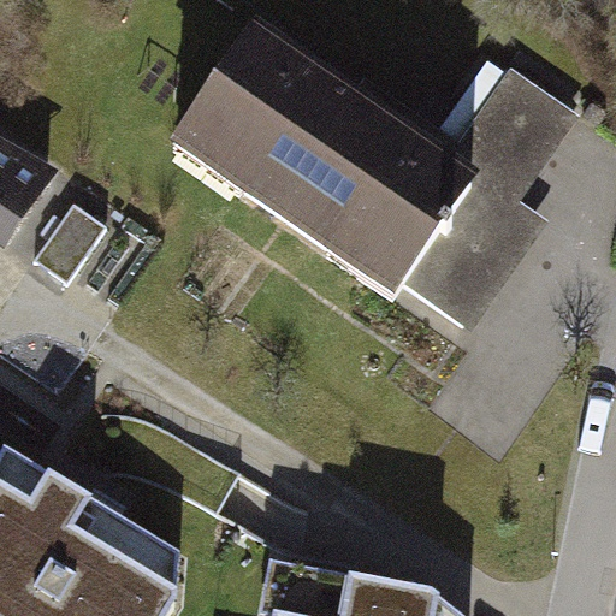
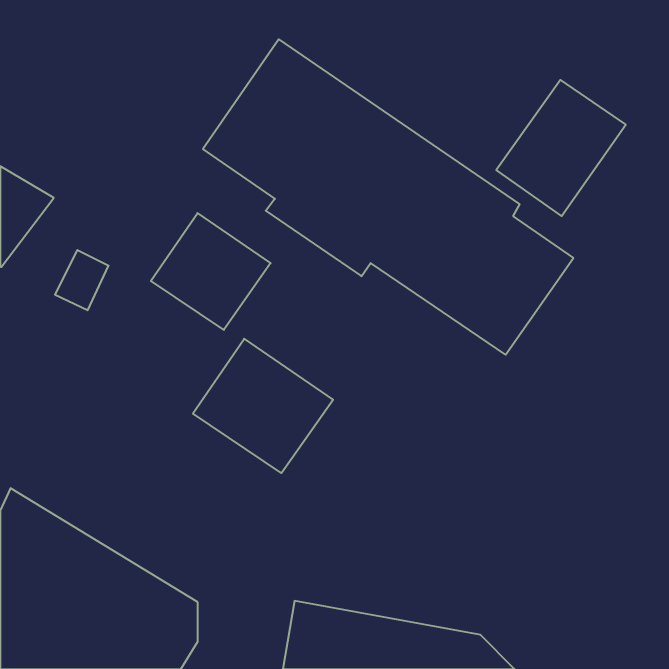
building: none -> [151,213,271,330]
building: none -> [193,339,333,473]

